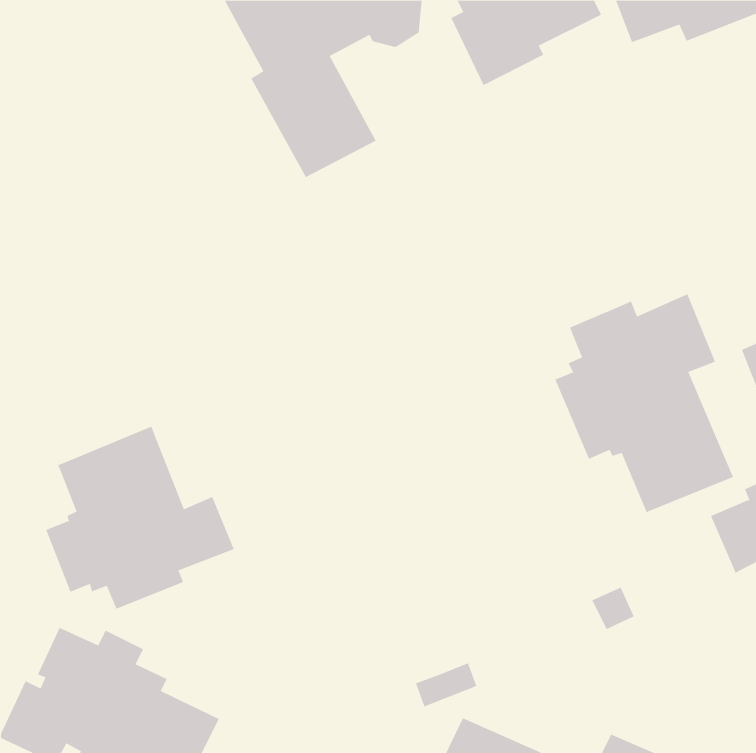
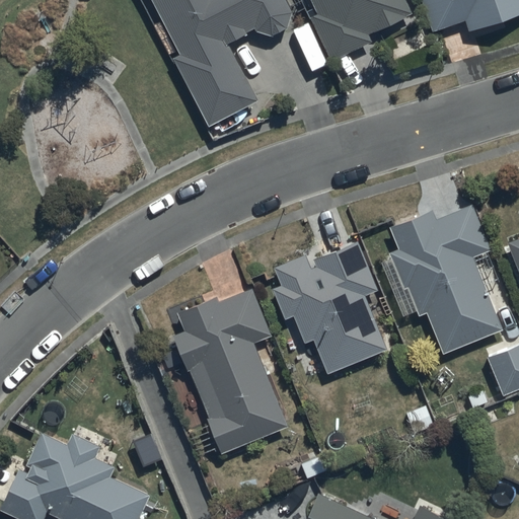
building: none -> [274,240,388,374]
building: none -> [163,288,288,453]
building: [46,426,234,609] -> none

